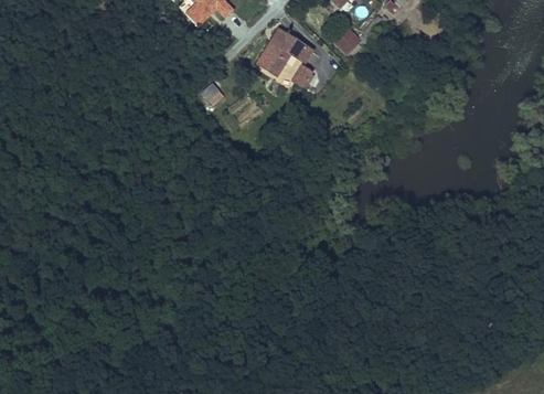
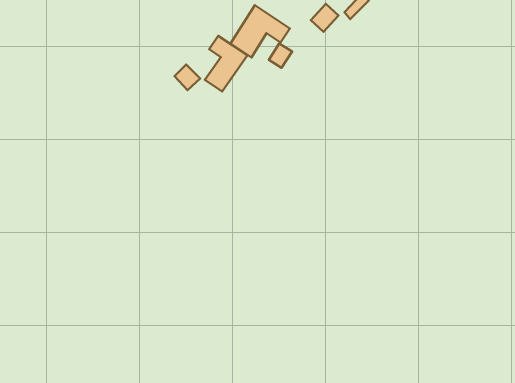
building: none -> [205,36,248,92]

